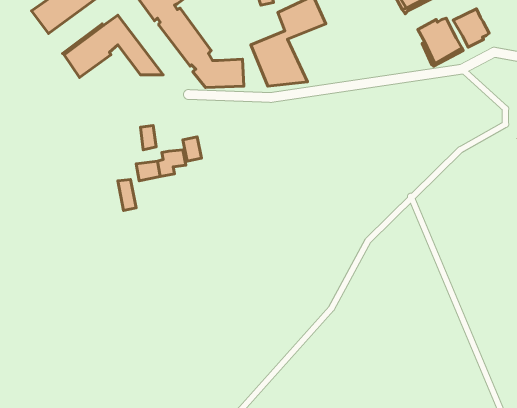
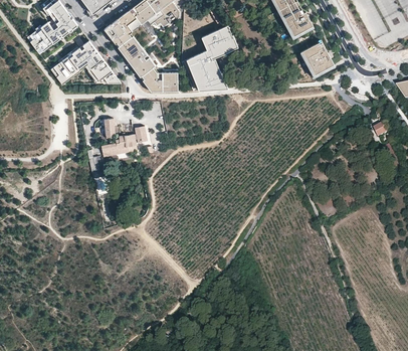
building: [453,9,489,47] -> none

